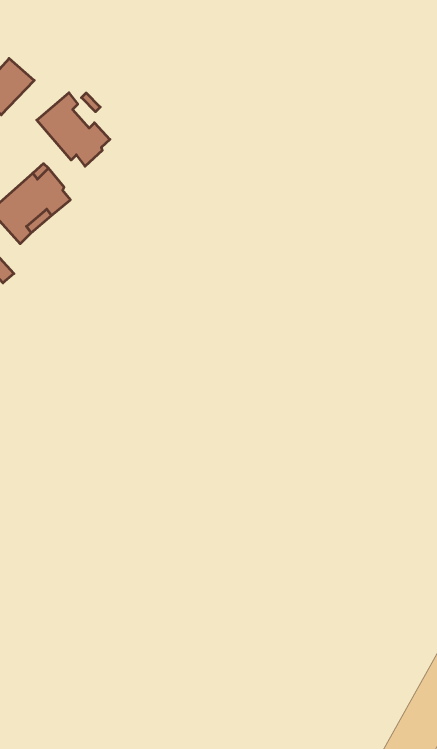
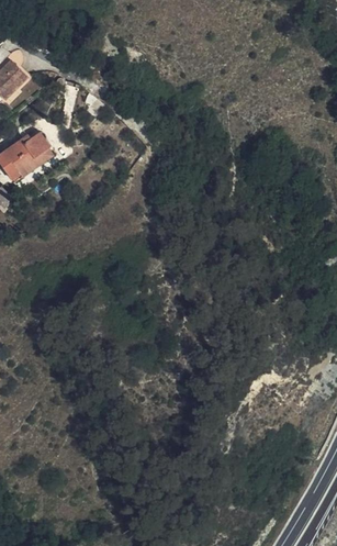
building: [37,93,110,166] -> none

